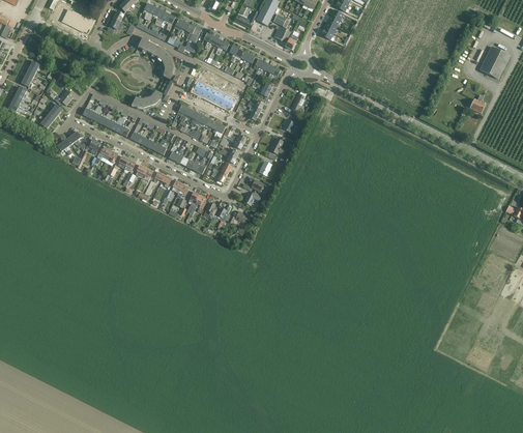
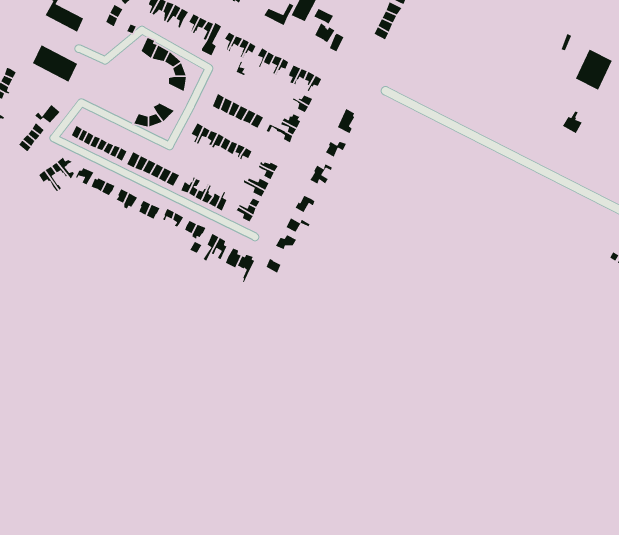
building: none -> [32,44,78,83]

